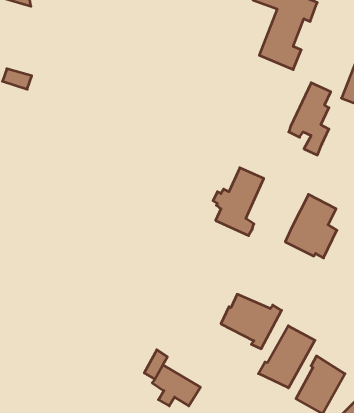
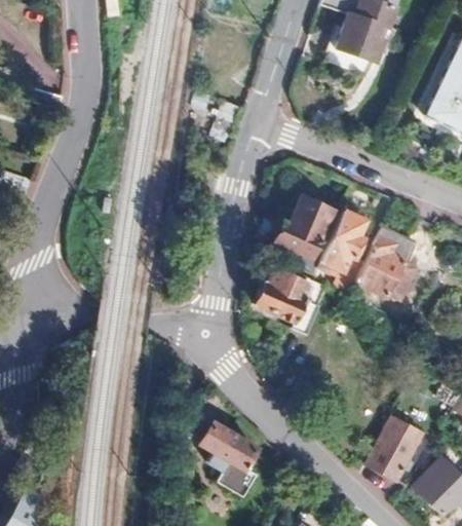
building: [289,83,331,155] -> [318,210,367,293]
building: [221,294,282,349] -> [256,268,325,331]
building: [258,326,315,388] -> none

